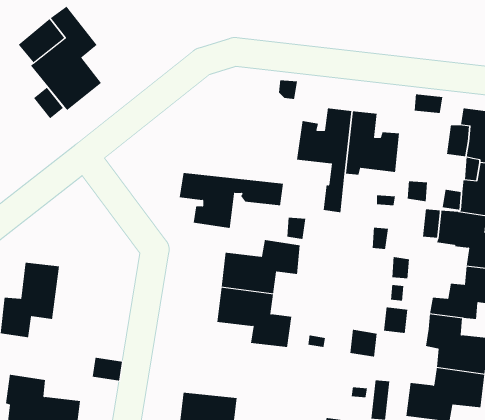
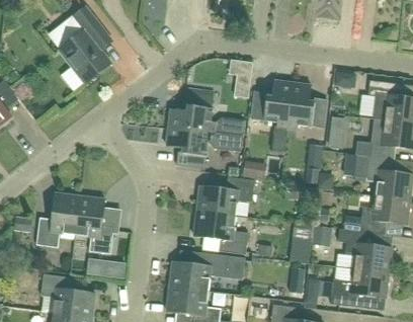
building: none -> [169,93,244,136]
building: none -> [75,195,113,254]
building: none -> [169,252,244,291]

